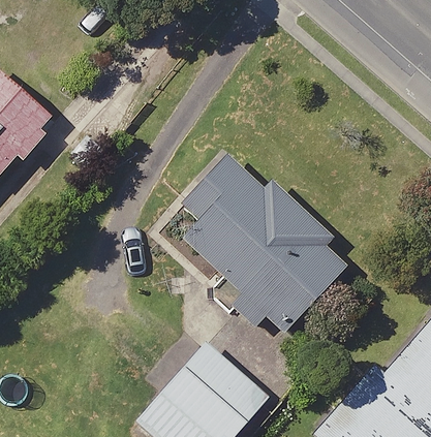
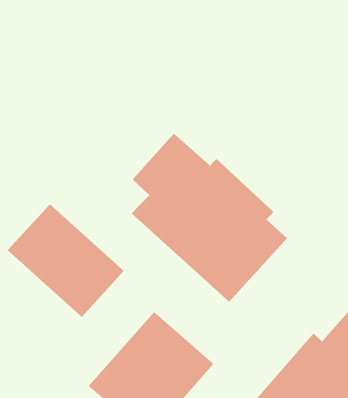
building: none -> [7,204,125,318]

